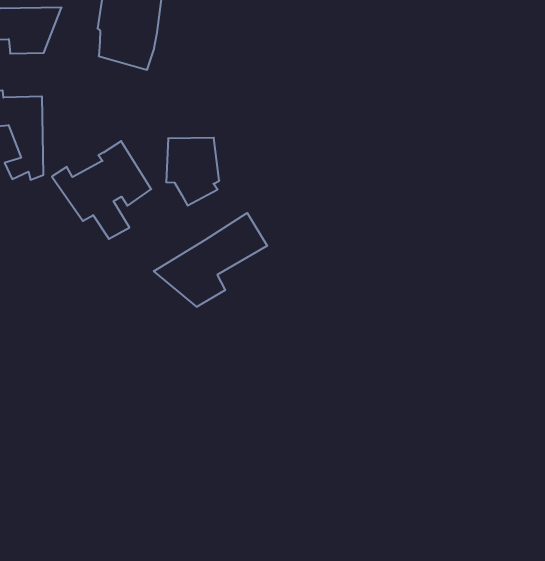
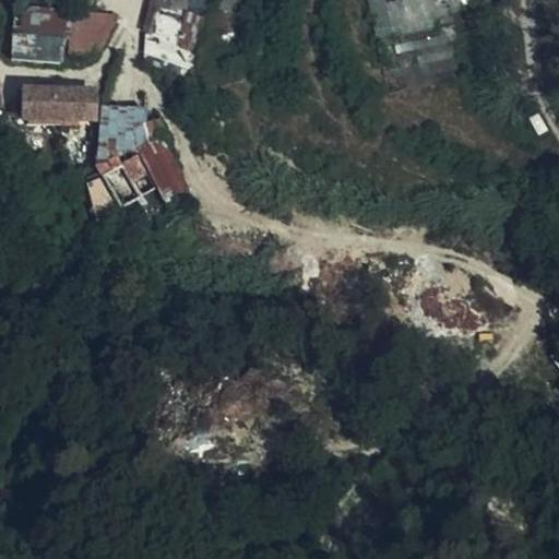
building: [166,138,219,206] -> [95,104,143,166]
building: [154,213,267,307] -> none

